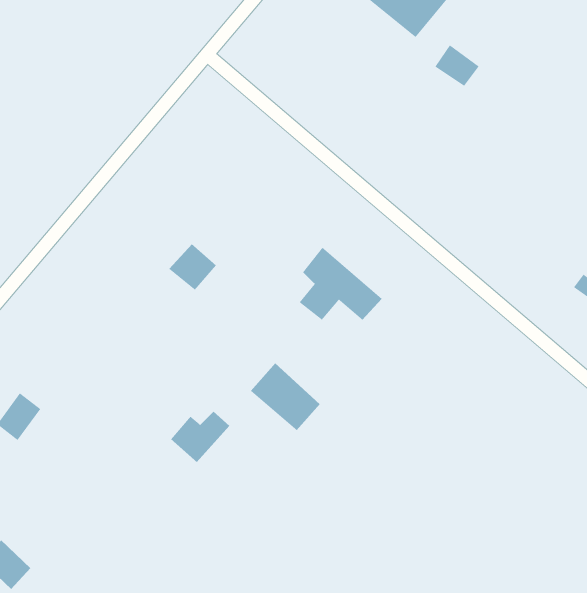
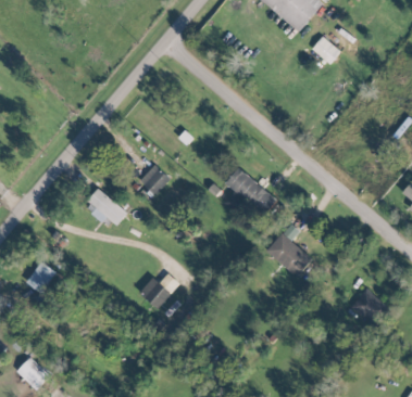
building: none -> [87,188,127,226]
building: [250,362,320,431] -> [265,232,311,277]
building: none -> [350,289,388,325]

